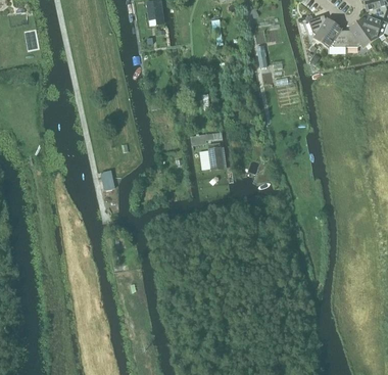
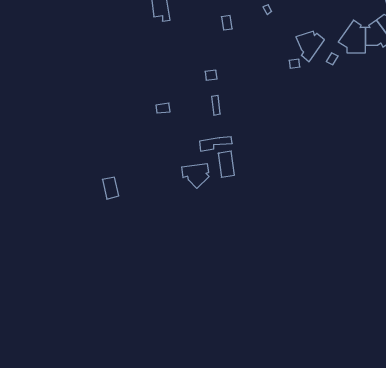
building: [308,14,335,43] -> [296,31,324,62]
building: none -> [182,164,209,188]

